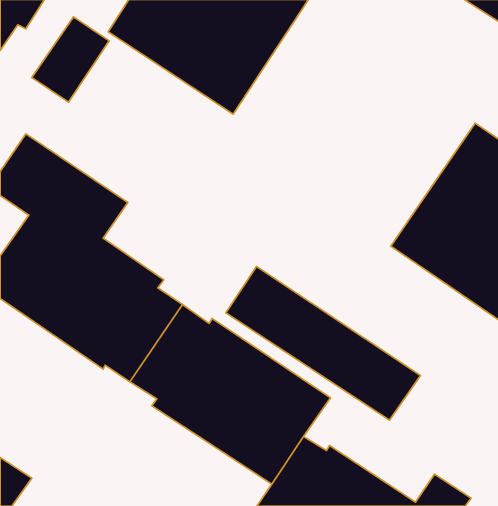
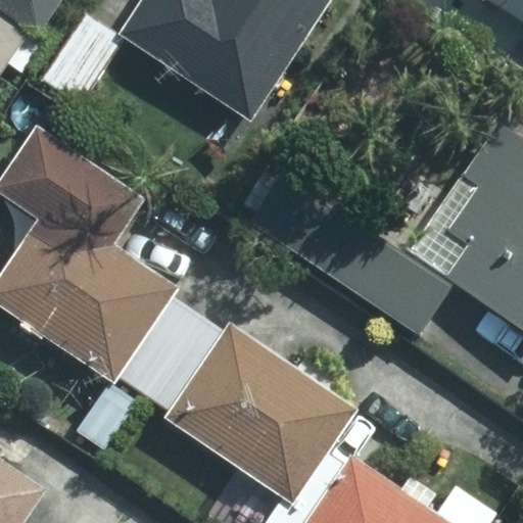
building: [226,266,420,420] -> [249,175,449,333]

